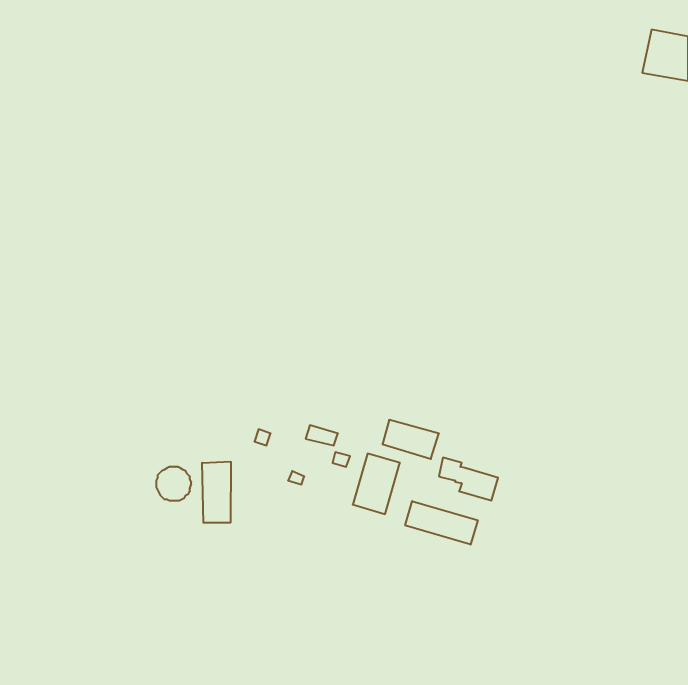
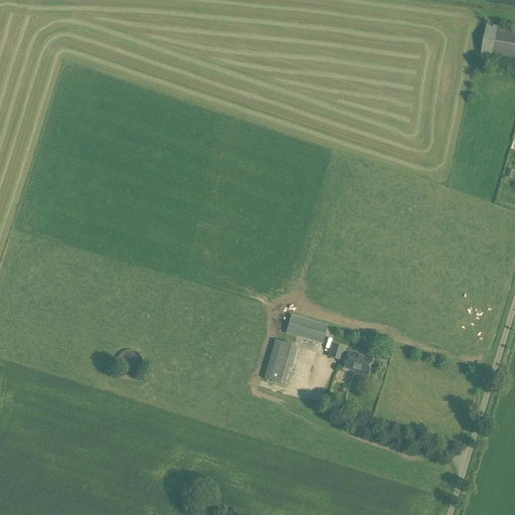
building: [202,462,231,523] -> none
building: [405,501,478,545] -> none

